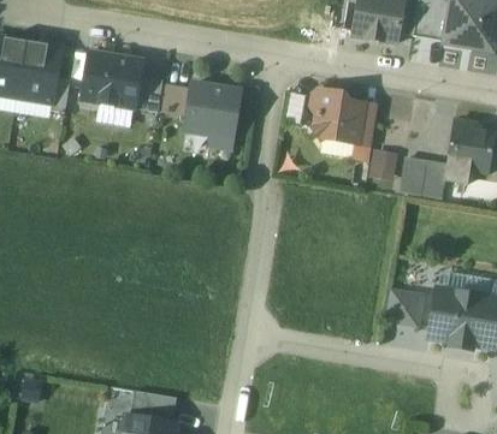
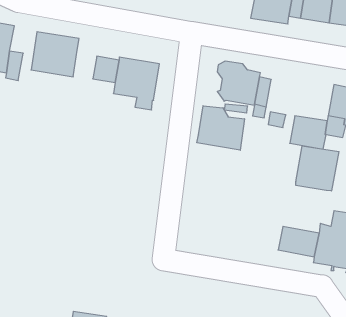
building: [132,75,161,112] -> none
building: none -> [197,106,244,150]
building: none -> [296,146,339,191]

